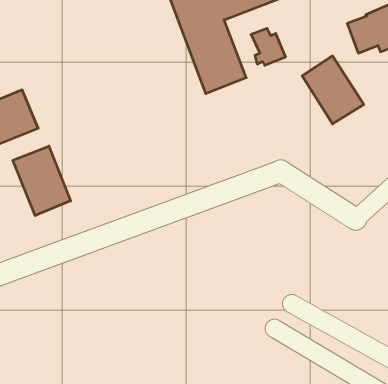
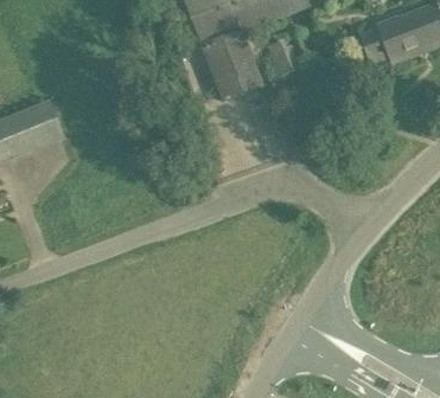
building: [302,56,364,124] -> none
building: [13,146,71,216] -> none

